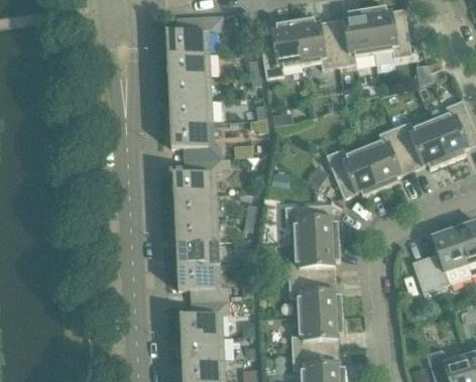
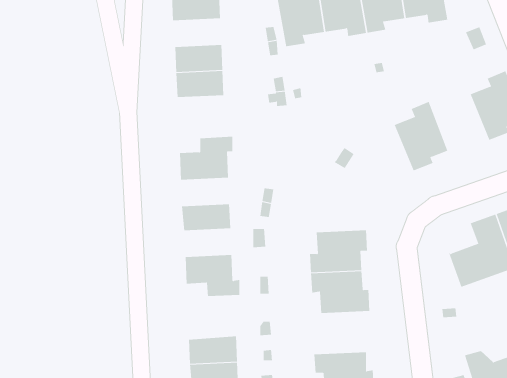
building: [165,53,210,79] -> none
building: [394,121,448,171] -> none
building: [169,122,220,160] -> none
building: [326,148,380,199] -> none
building: [172,196,217,221] -> none
building: [284,205,339,244] -> none
building: [175,241,219,266] -> none
building: [178,300,227,340] -> none
building: [290,314,343,353] -> none

